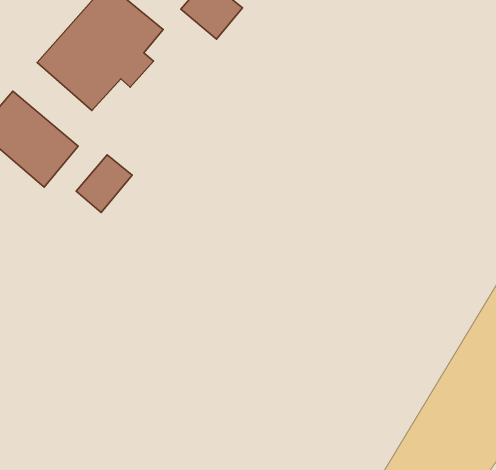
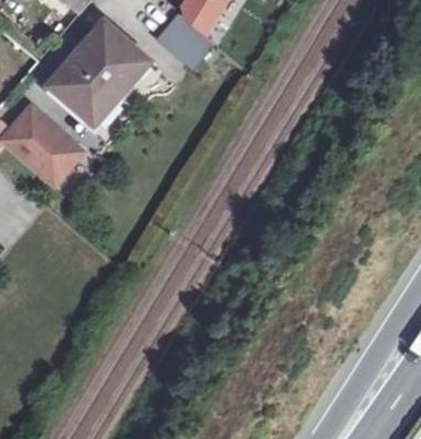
building: [76,155,132,213] -> none

